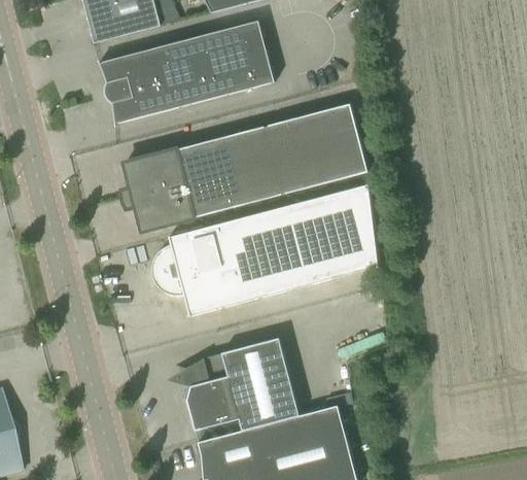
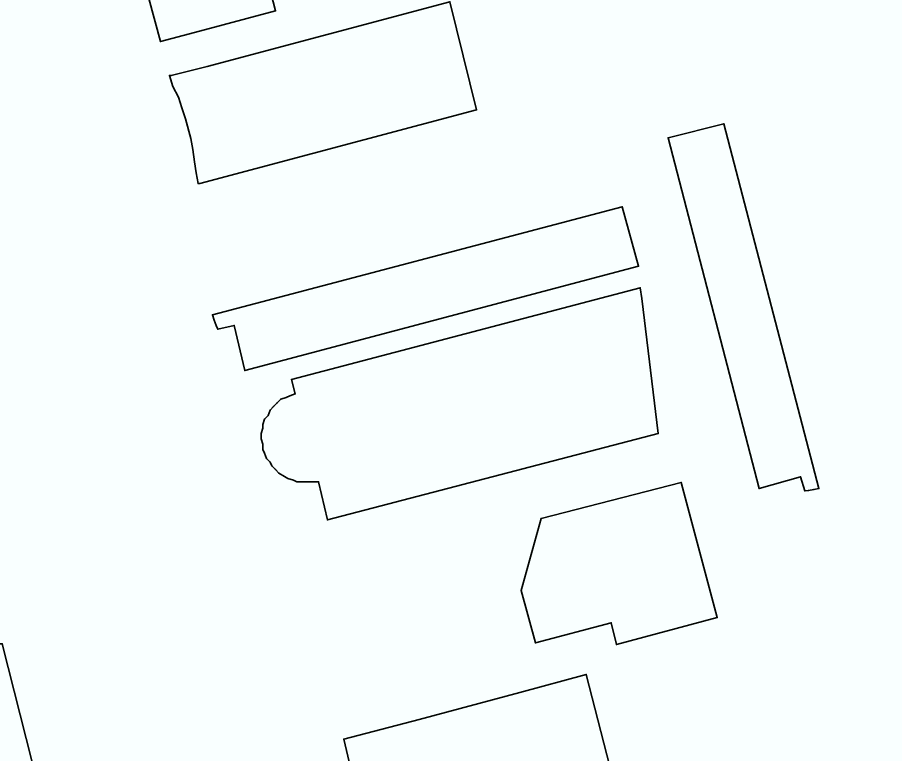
building: none -> [668,124,819,491]
building: [121,104,357,200] -> none
building: [186,339,298,432] -> [521,483,717,644]

